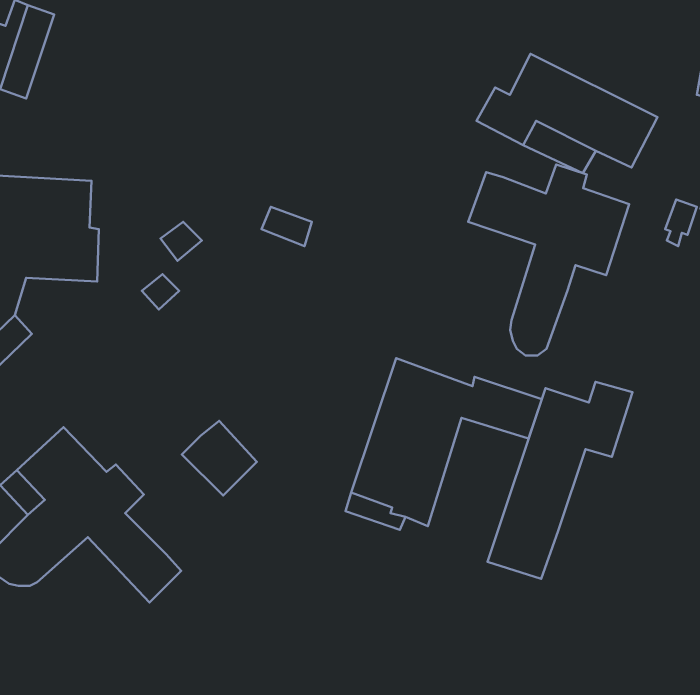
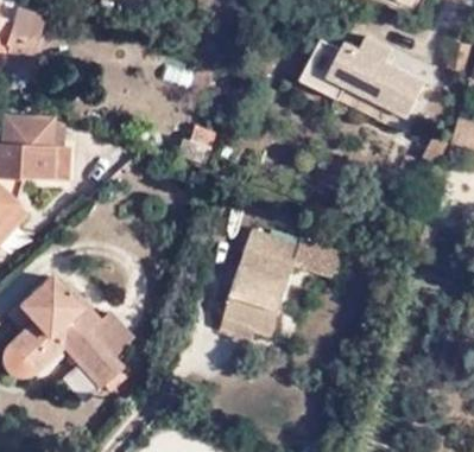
building: [468,164,629,356] -> none
building: [487,382,633,579] -> none
building: [182,421,257,495] -> [84,310,132,357]

